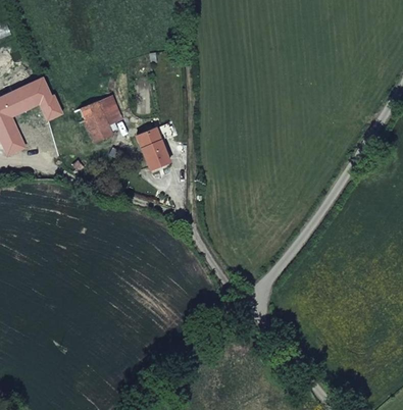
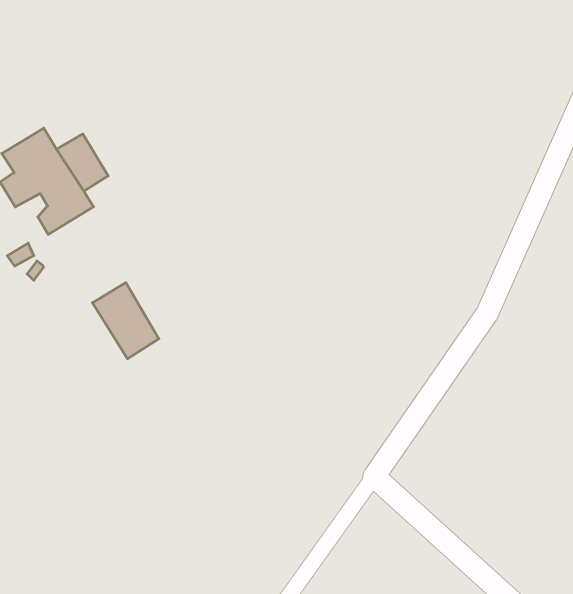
building: [137,129,169,169] -> [92,283,159,359]

